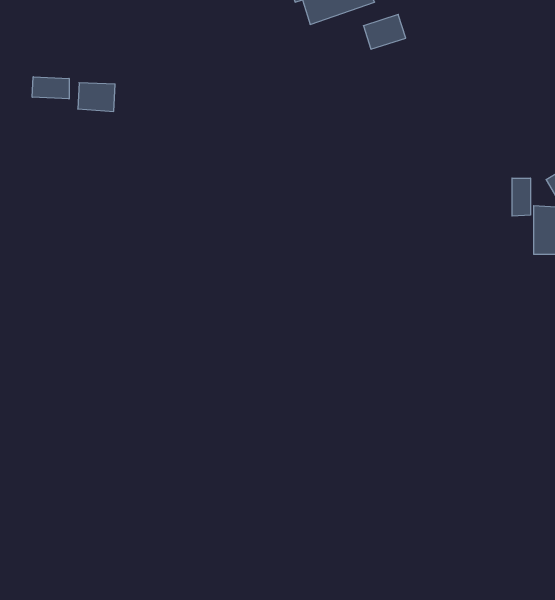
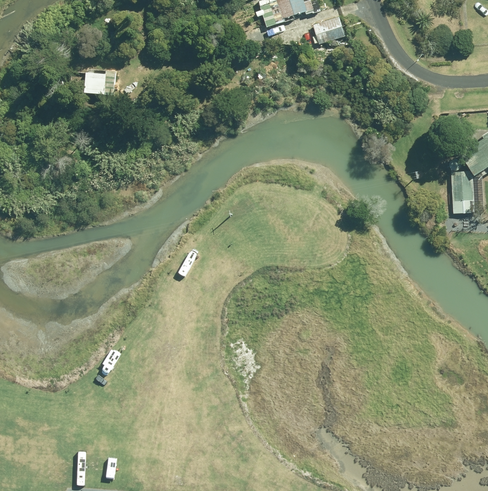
building: [32,77,69,99] -> none
building: [512,178,530,216] -> none

